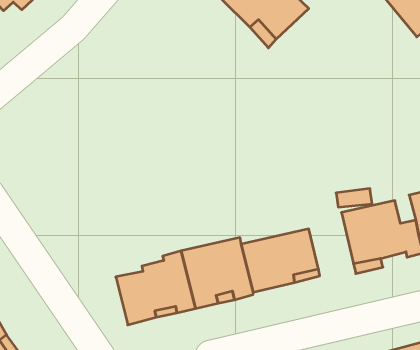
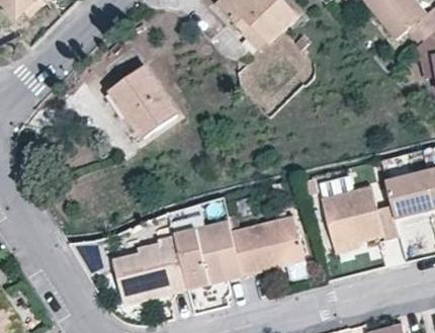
building: none -> [110,67,173,136]

